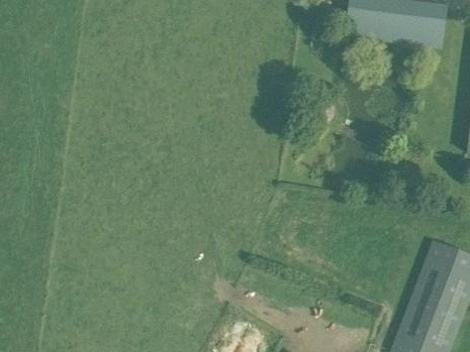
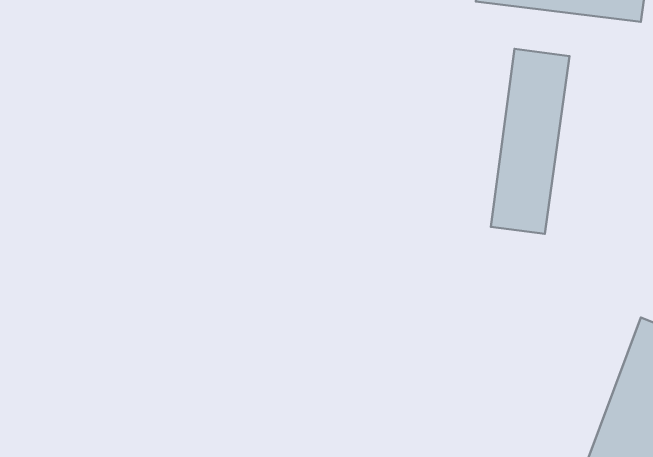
building: none -> [491,49,570,234]

